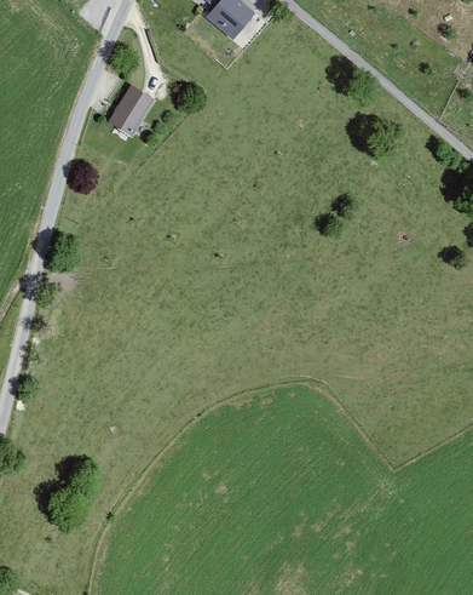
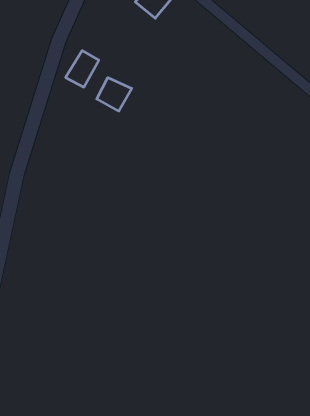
building: none -> [97,78,132,111]

